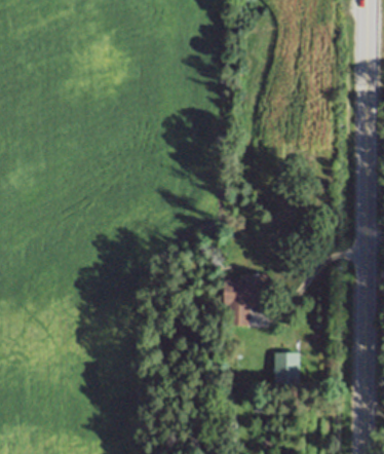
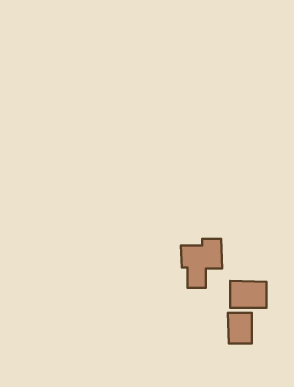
building: none -> [230,281,266,308]

